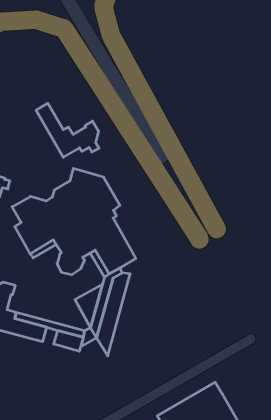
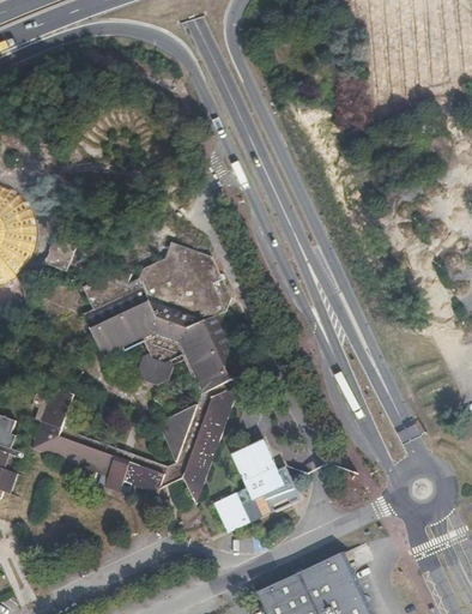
building: [36,103,99,157] -> none
building: none -> [214,441,292,529]

